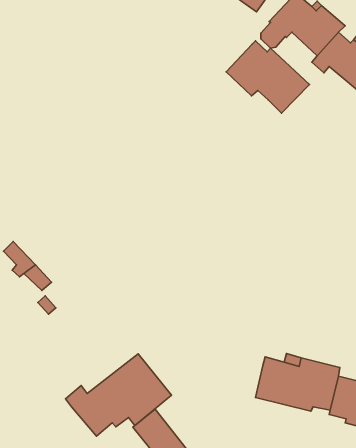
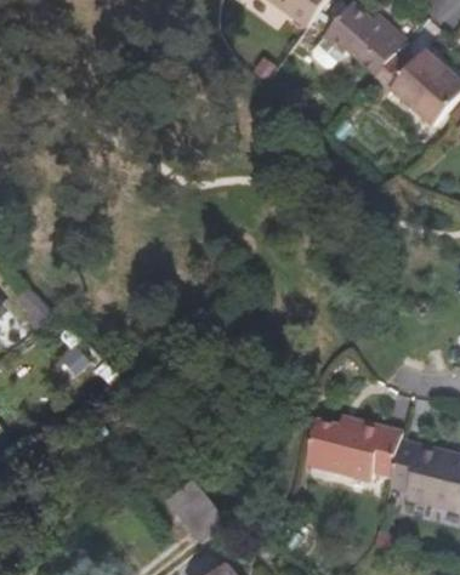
building: [226,41,309,113] -> none
building: [65,354,172,436] -> none

